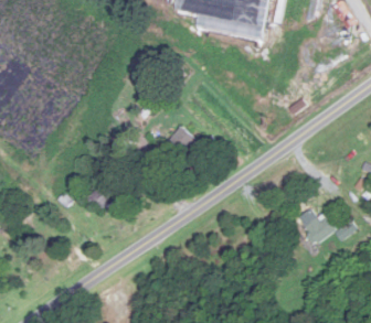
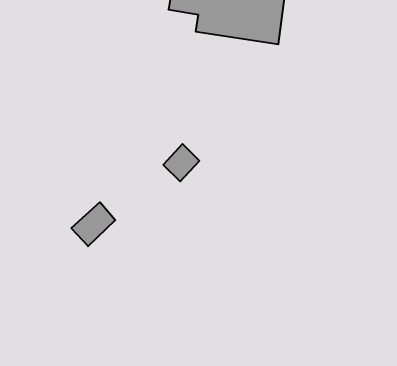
building: [301,212,356,245] -> none

